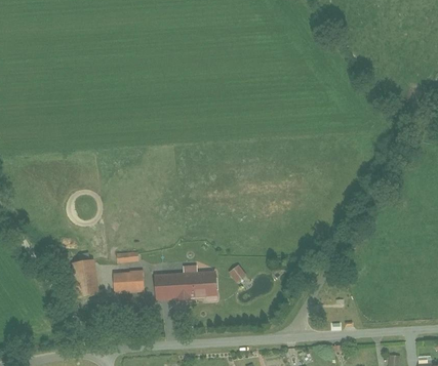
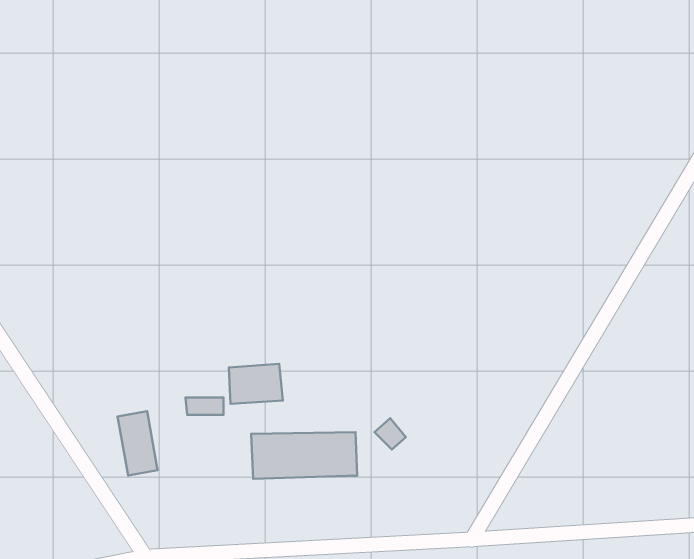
building: [113,269,145,292] -> [229,364,283,404]

